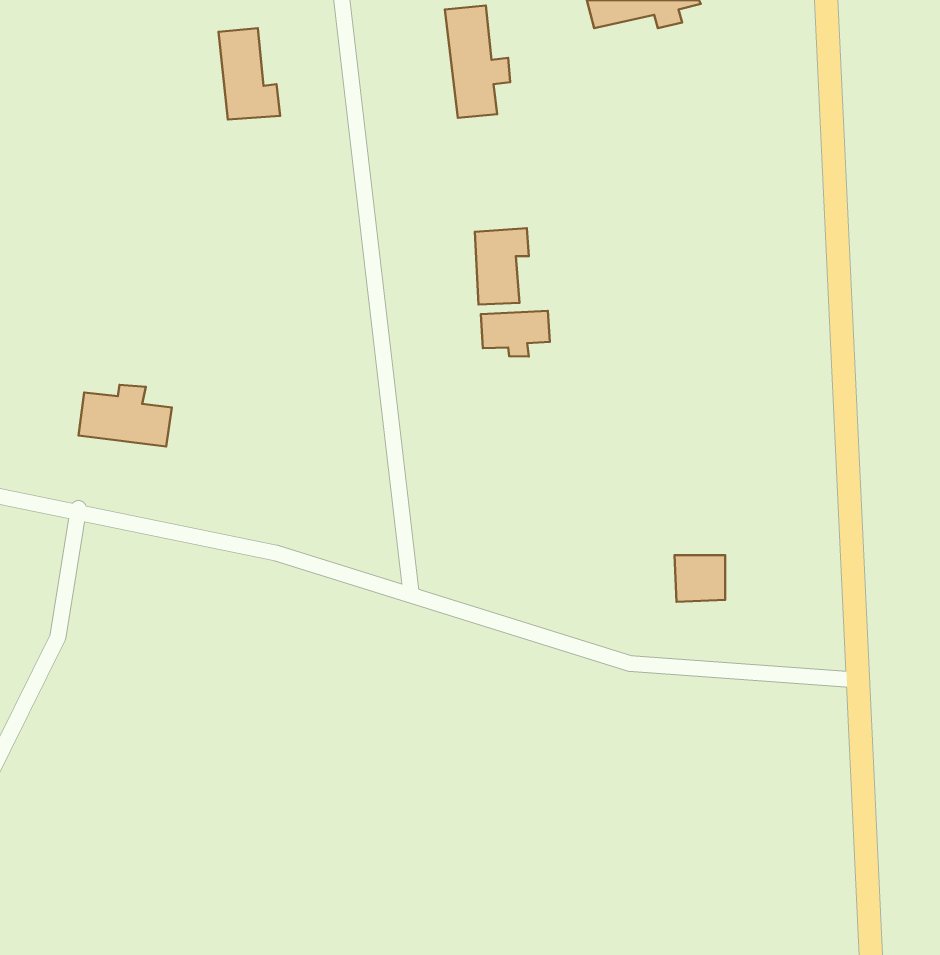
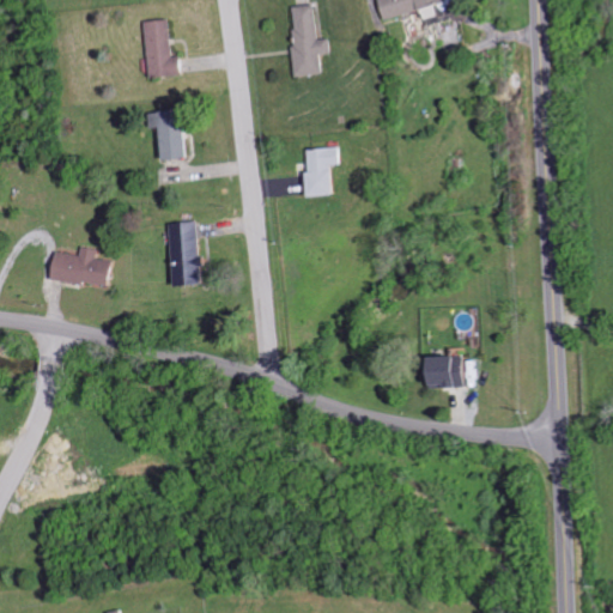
building: none -> [153,107,187,159]
building: [481,311,550,356] -> none
building: none -> [165,220,200,286]

